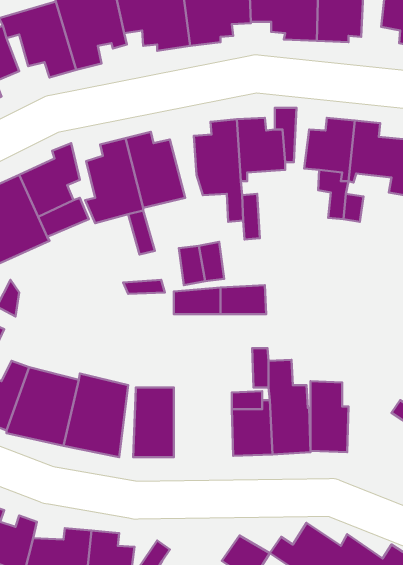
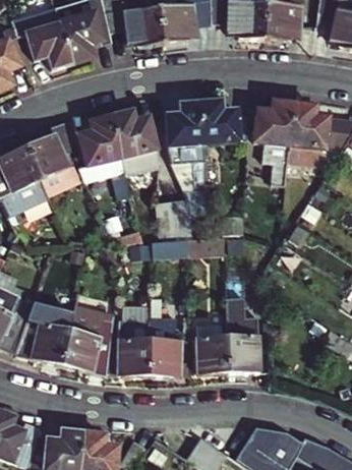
building: [310,381,348,452] -> [150,317,180,374]

